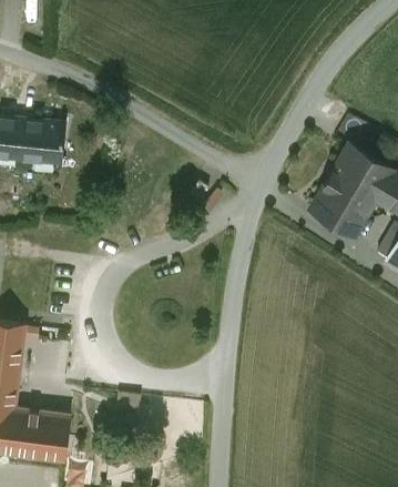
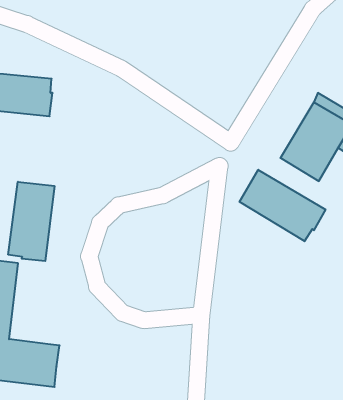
building: none -> [240,170,325,241]
building: none -> [8,182,54,261]

